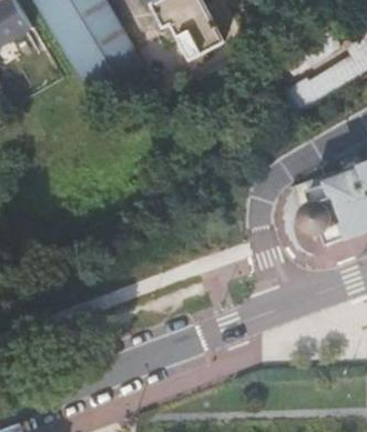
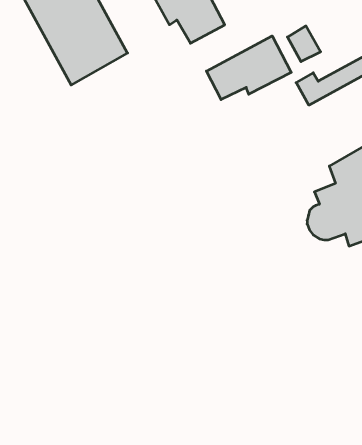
building: none -> [206,36,291,100]

